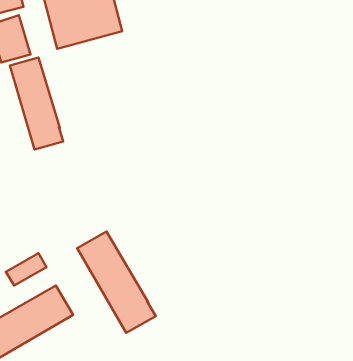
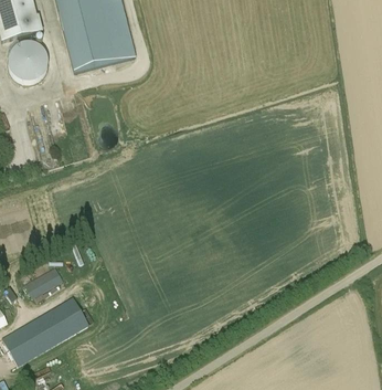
building: [10,58,63,150] -> none
building: [77,232,156,333] -> none

